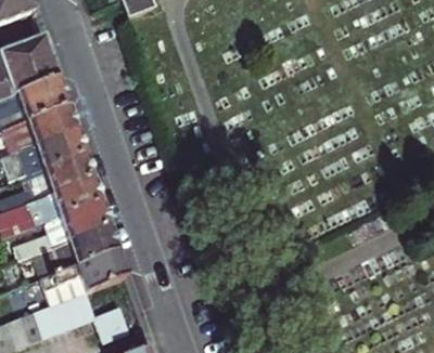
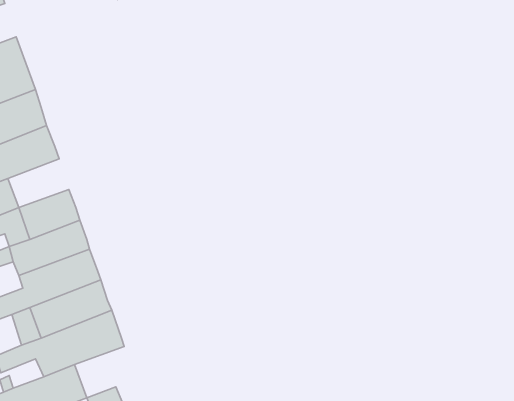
building: [37,133,85,171] -> none

